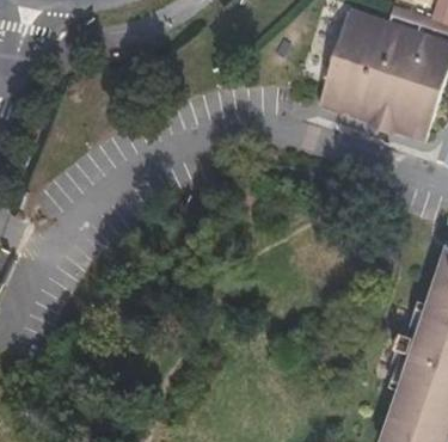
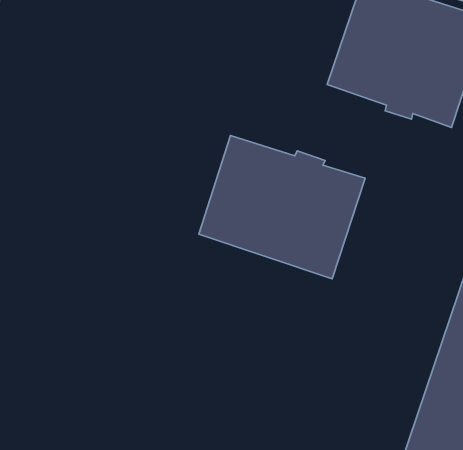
building: none -> [199,136,365,279]

